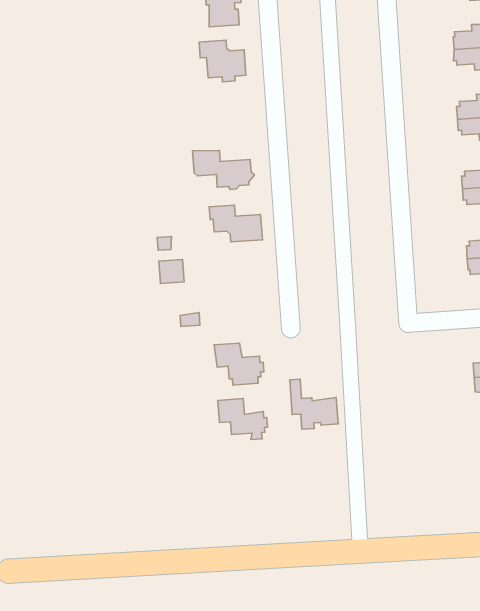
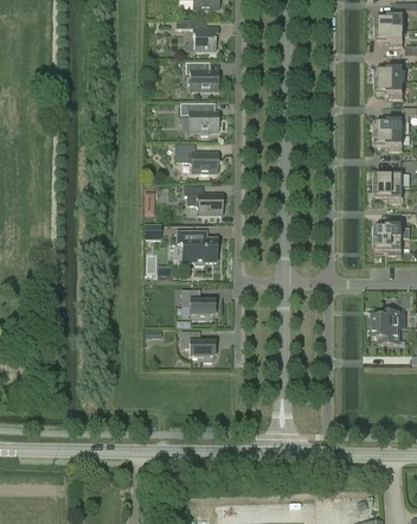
building: none -> [180,102,219,134]
building: none -> [177,230,217,263]
building: [290,379,338,429] -> none

